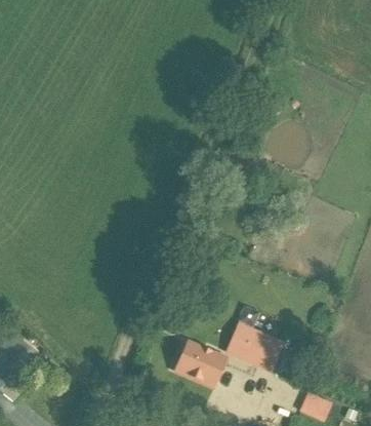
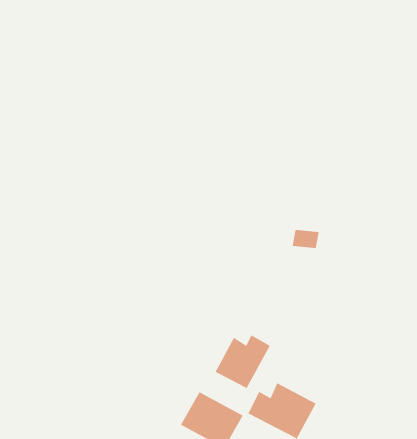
building: none -> [215,335,271,389]

